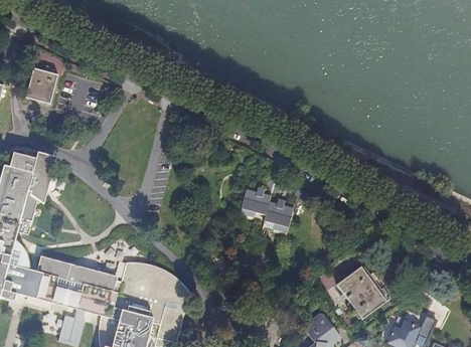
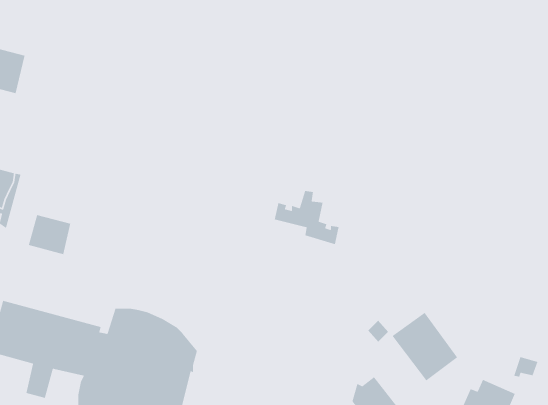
building: none -> [28,214,71,255]
building: [242,196,293,233] -> none

